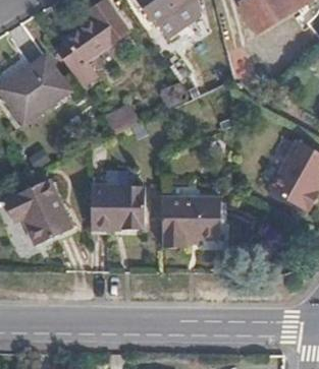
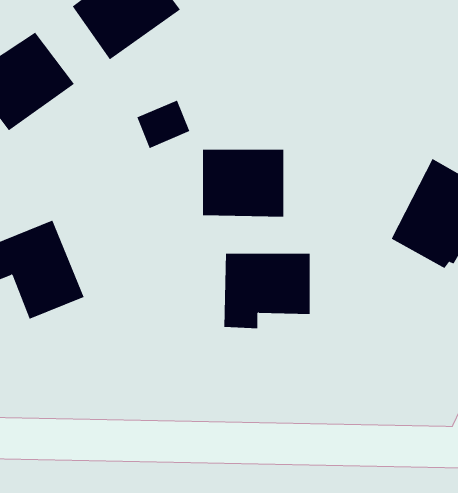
building: [92,188,145,232] -> [202,149,284,217]

